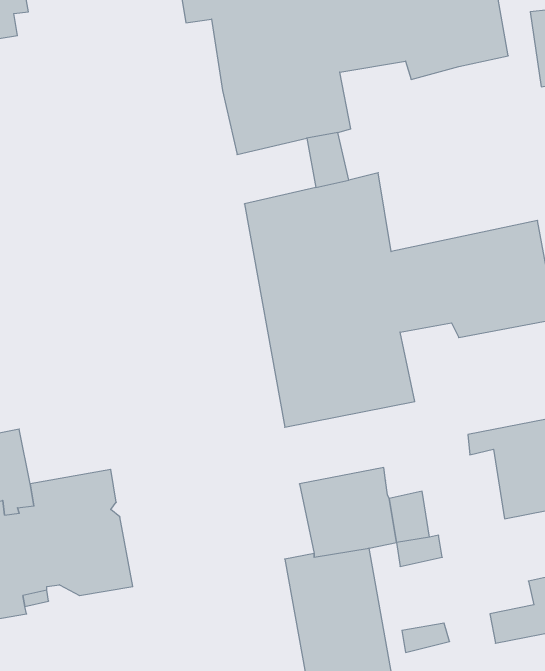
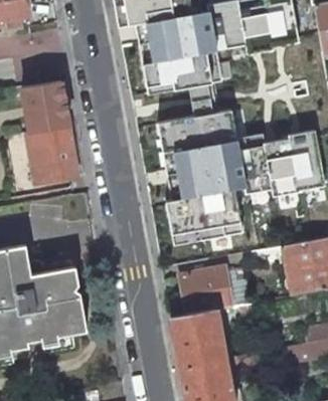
building: none -> [23,81,78,183]

